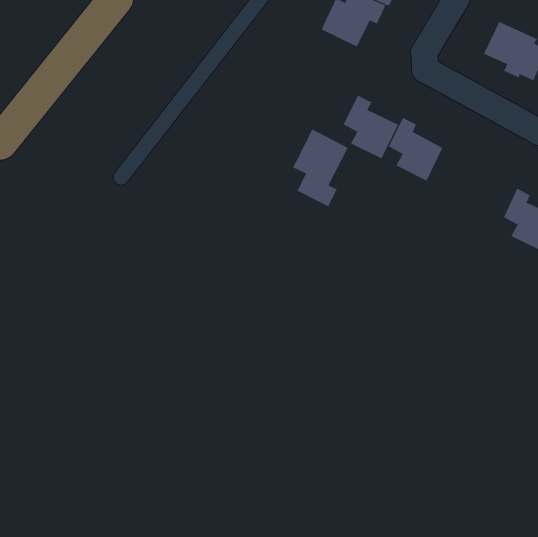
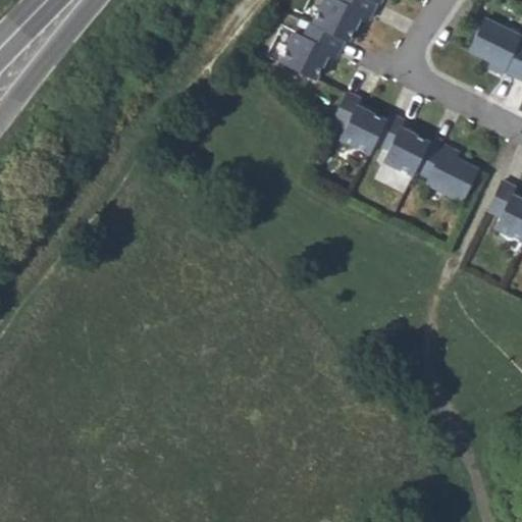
building: none -> [278,27,343,83]
building: [292,129,349,207] -> none
building: none -> [416,143,479,200]

